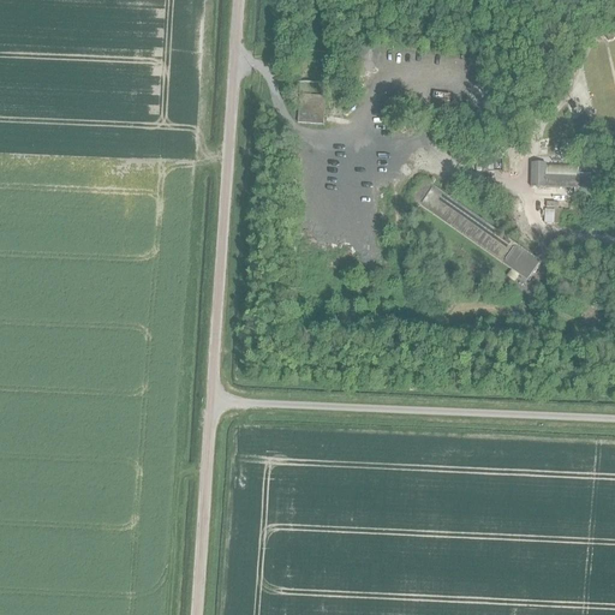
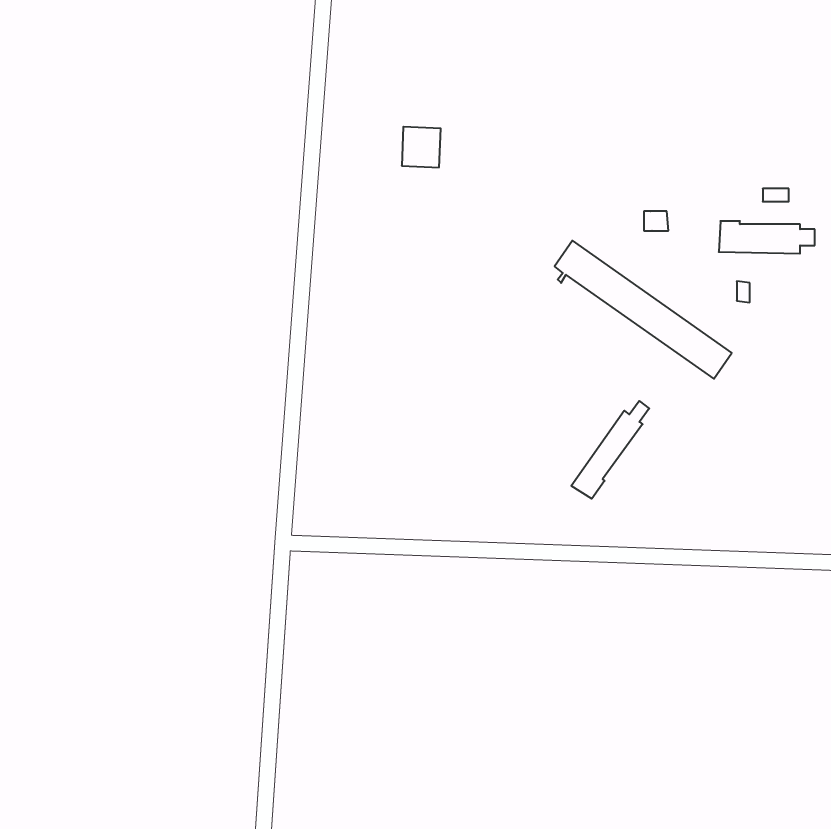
building: none -> [571,401,649,499]

